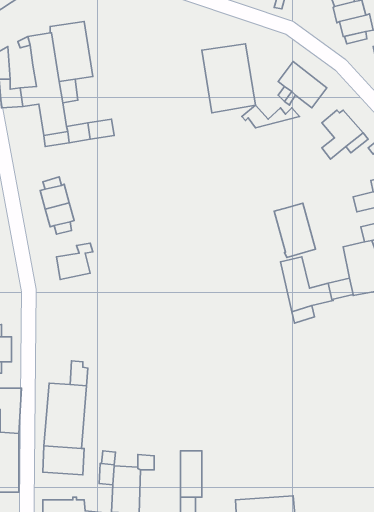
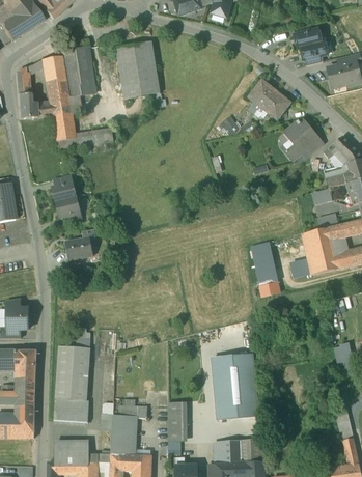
building: [202,44,256,113] -> [115,41,160,99]
building: [274,203,315,257] -> none
building: none -> [211,354,259,419]

